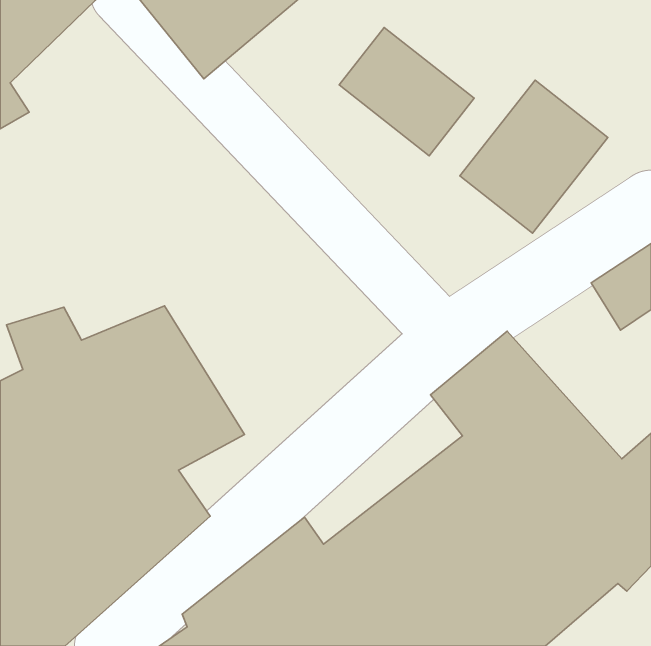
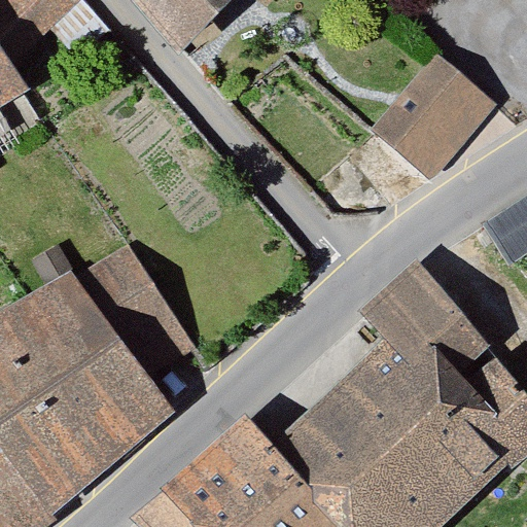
building: [339,27,474,156] -> none

